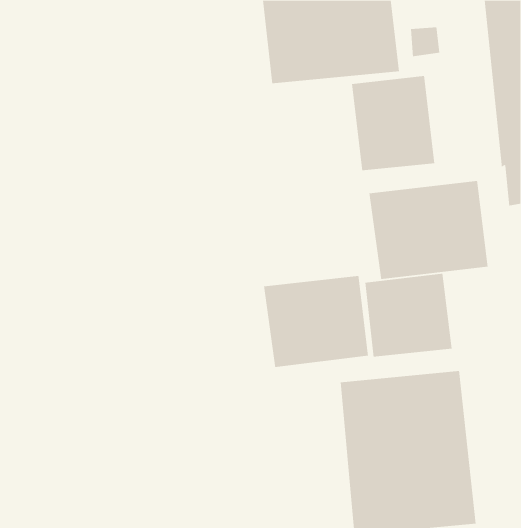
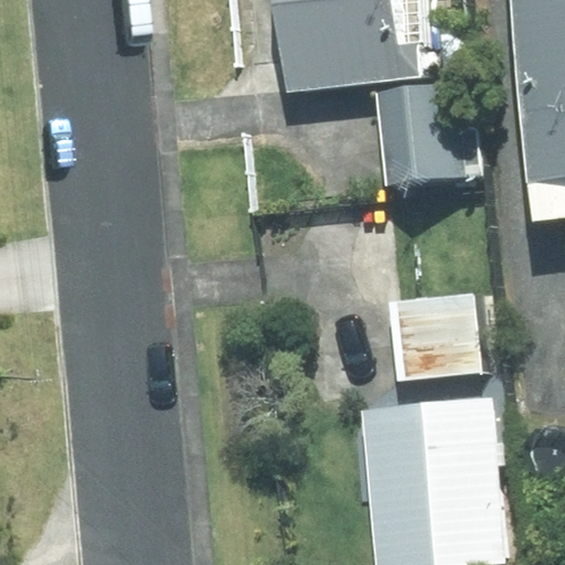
building: [369,180,488,280] -> none
building: [264,275,368,368] -> none

